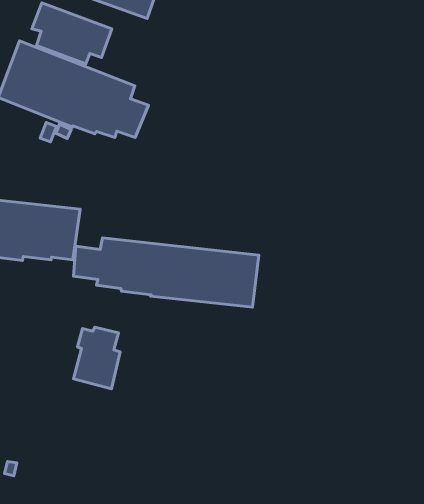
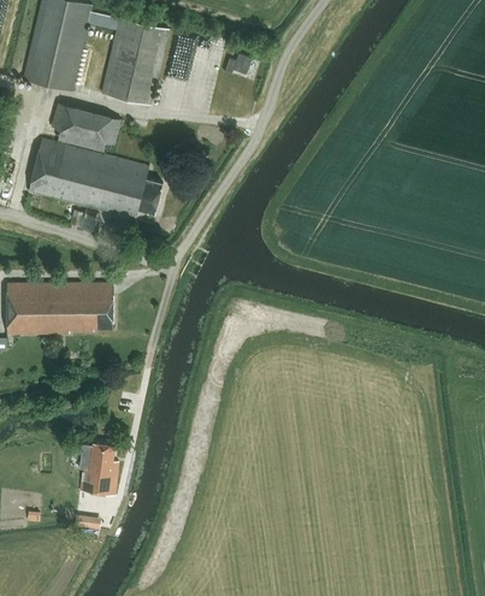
building: [73,238,259,307] -> none
building: [74,327,120,389] -> [79,442,118,495]

